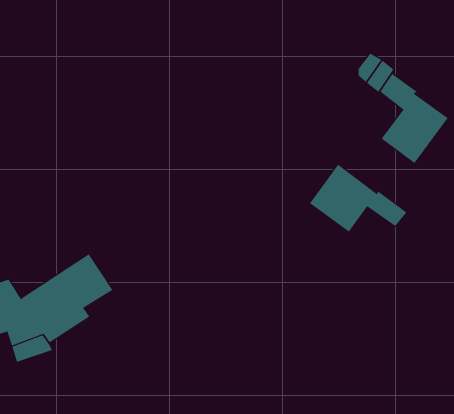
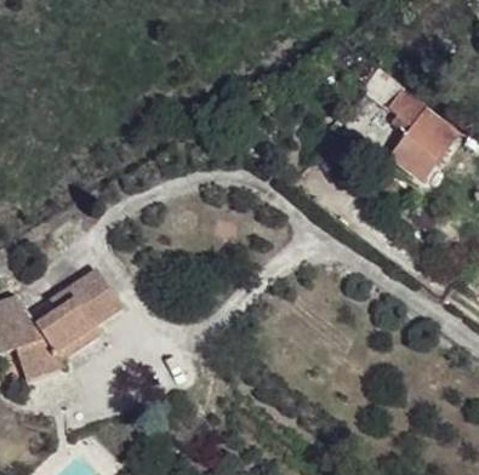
building: [309,164,407,232] -> none

